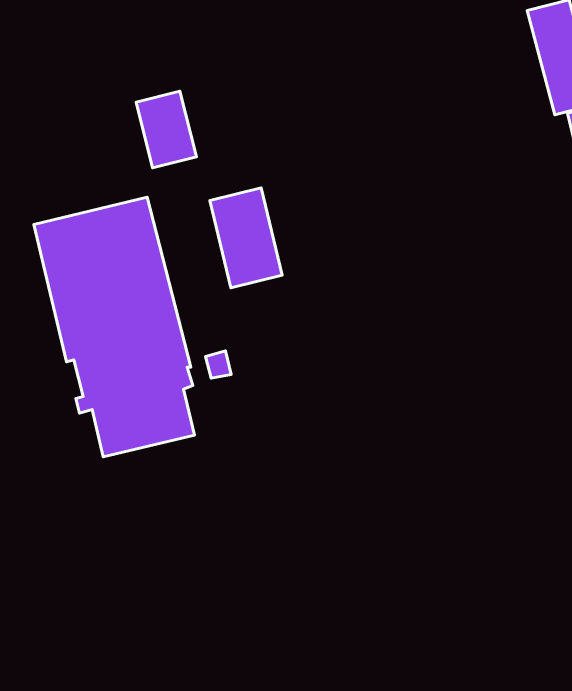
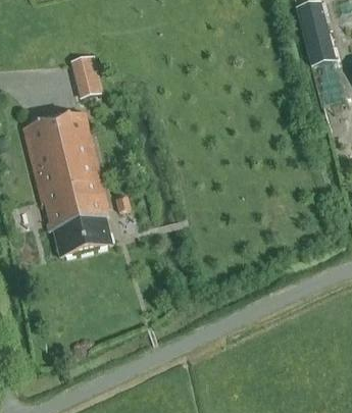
building: [210,188,282,288] -> none

